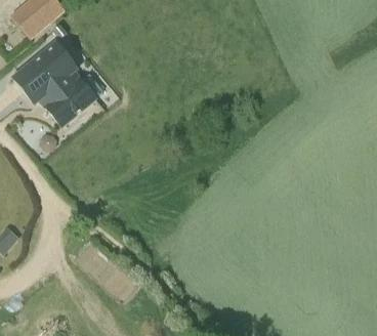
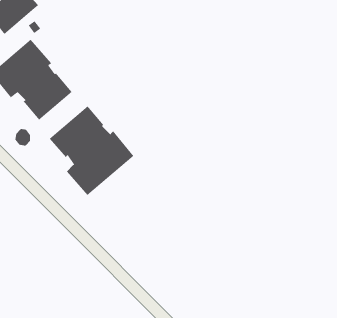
building: none -> [49,106,134,196]

